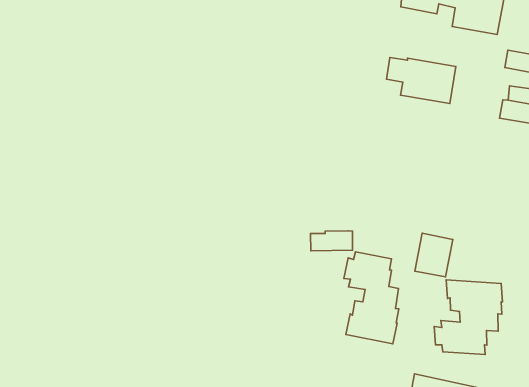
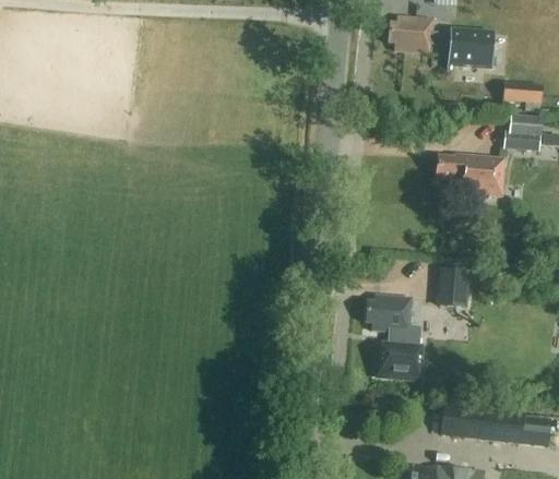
building: [386,57,456,104] -> [437,154,503,194]
building: [310,231,353,251] -> none
building: [434,280,503,354] -> none

